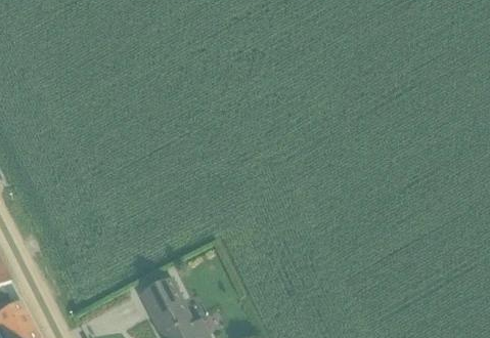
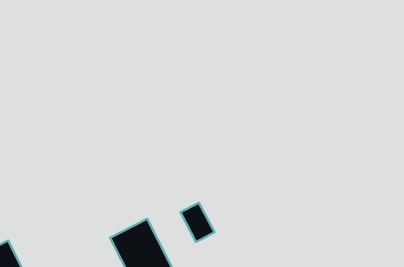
building: none -> [181,203,215,242]

